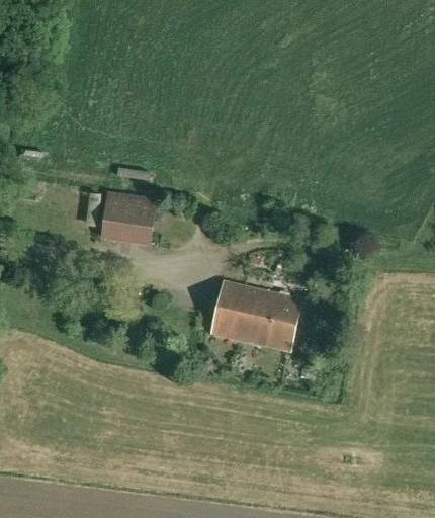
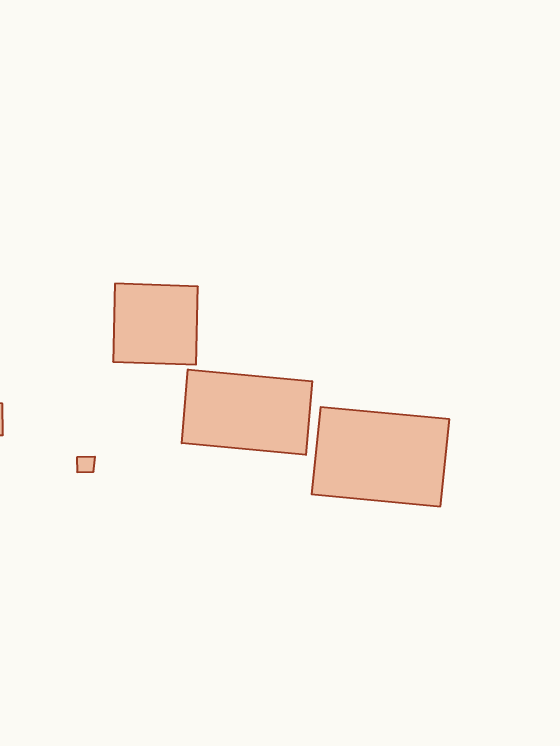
building: none -> [182,369,312,455]

